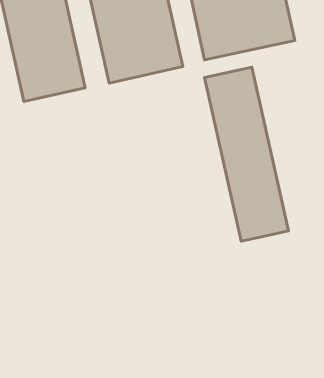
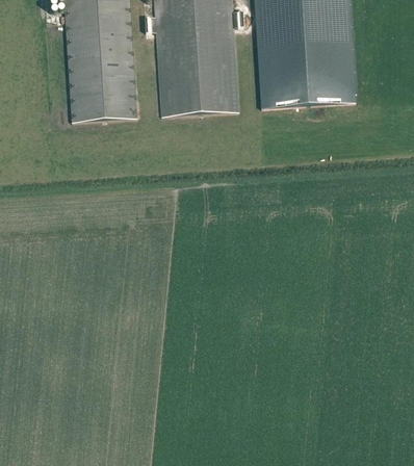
building: [204,67,288,241] -> none

